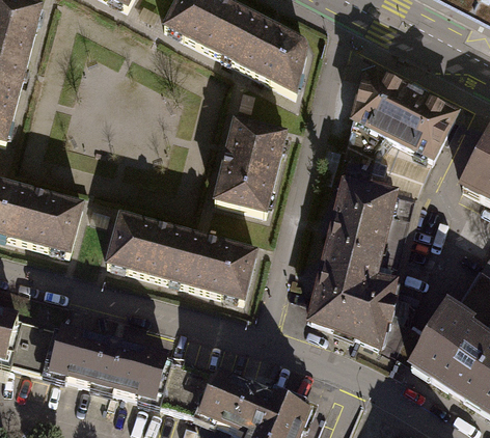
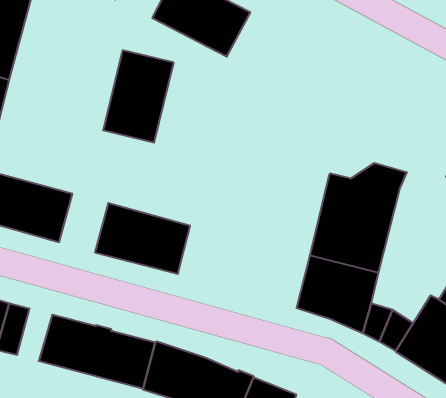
building: [241,20,307,93] -> none
building: [337,71,457,188] -> none
building: [215,118,287,212] -> [103,50,174,143]
building: [191,236,257,299] -> none
building: [28,320,63,373] -> none

